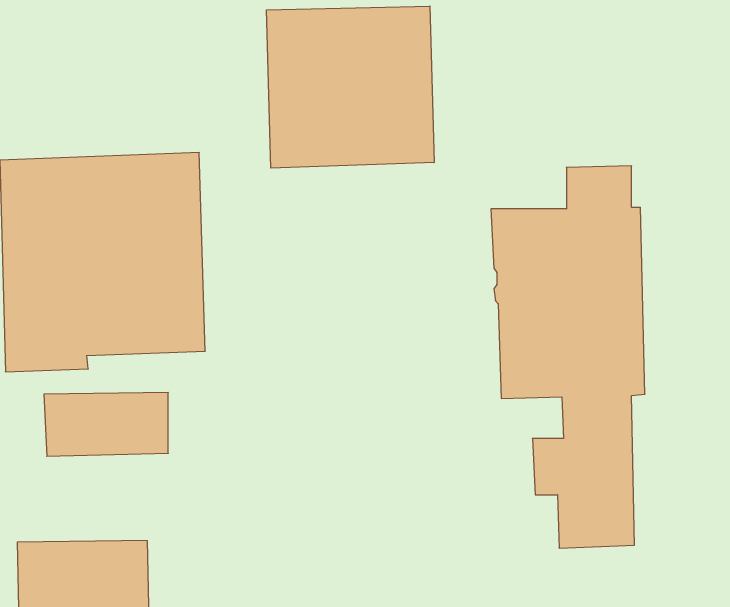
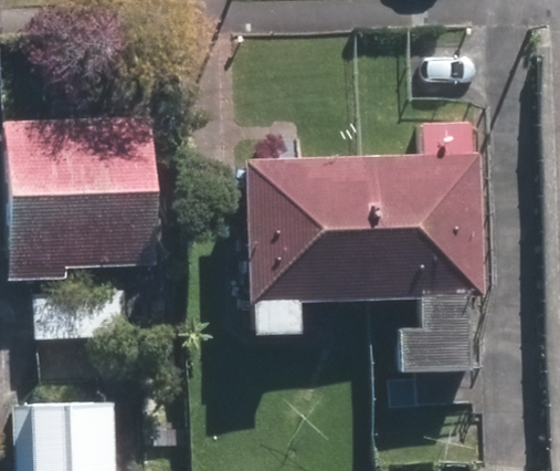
building: [267,6,434,168] -> none
building: none -> [245,157,378,334]

